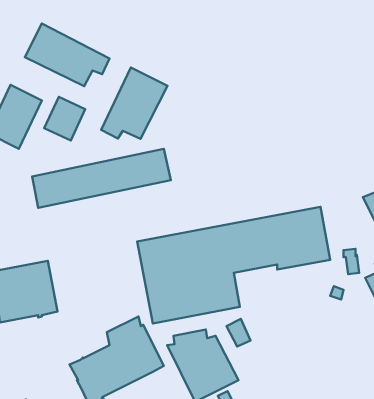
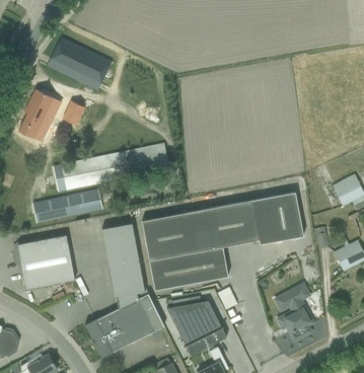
building: [101,68,168,139] -> none
building: none -> [32,191,102,223]
building: none -> [102,223,143,297]
building: none -> [274,283,313,341]

